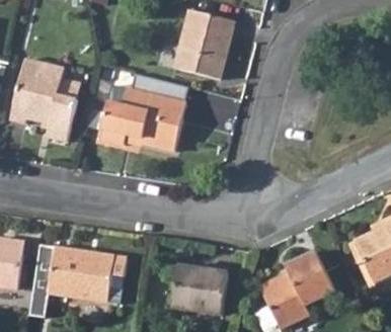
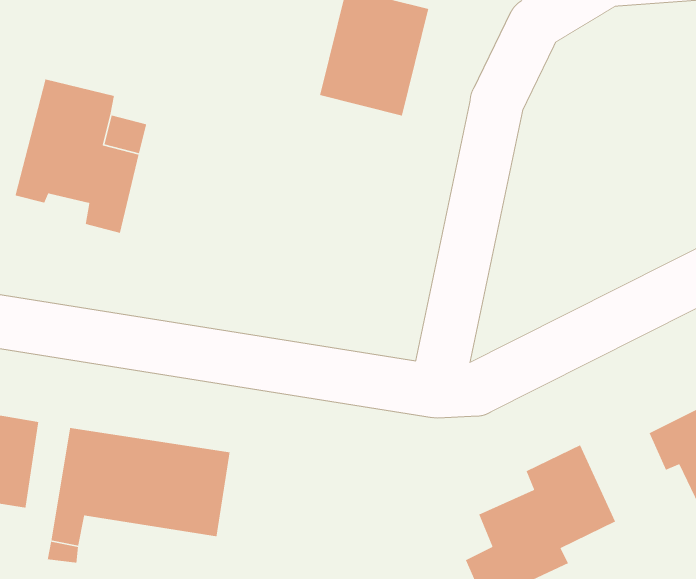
building: [99,88,186,152] -> none
building: [171,265,227,314] -> none

